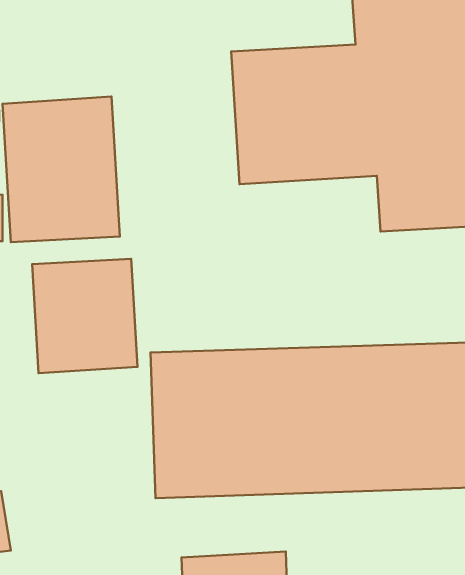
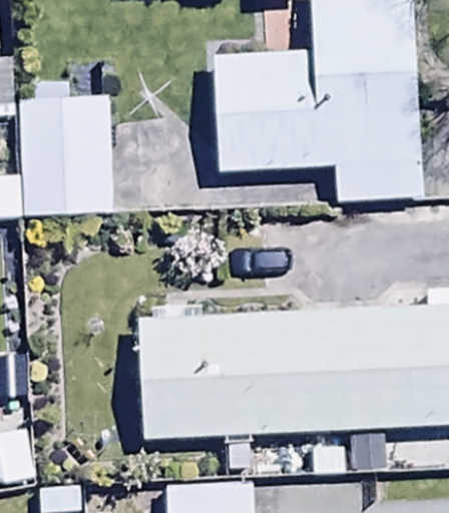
building: [32,259,138,373] -> none

